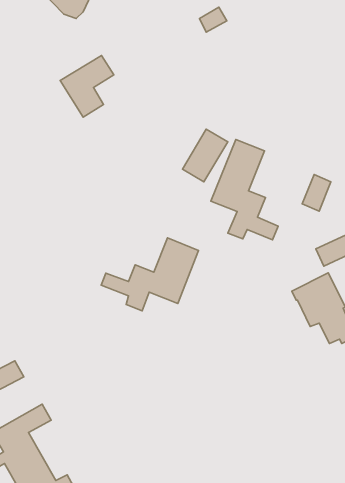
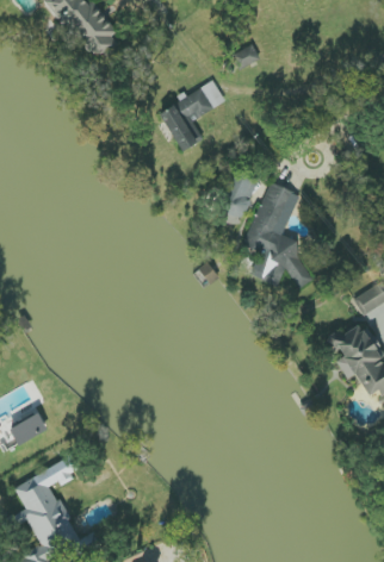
building: [60,55,114,117] -> [159,87,215,151]
building: [302,174,331,211] -> none
building: [101,238,198,311] -> none

